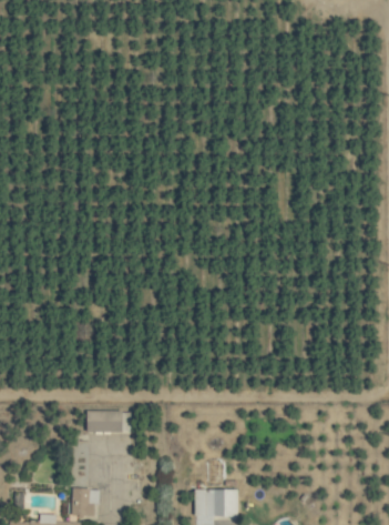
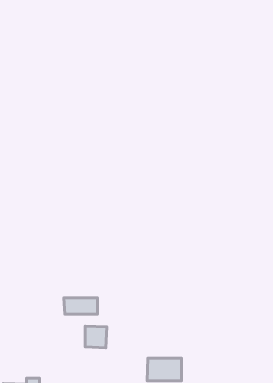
building: [71,488,99,516] -> [85,326,107,348]

